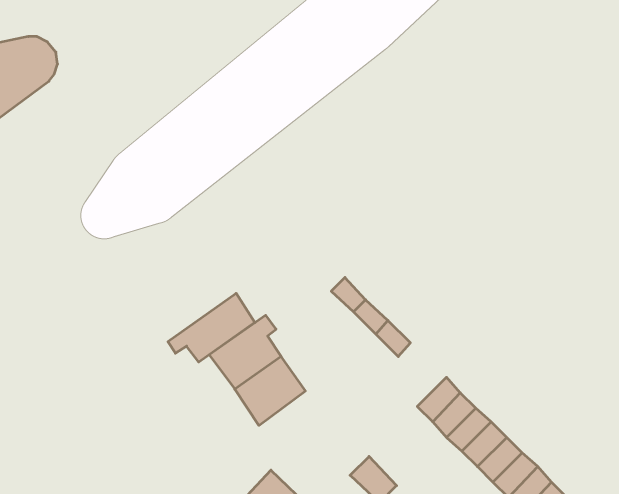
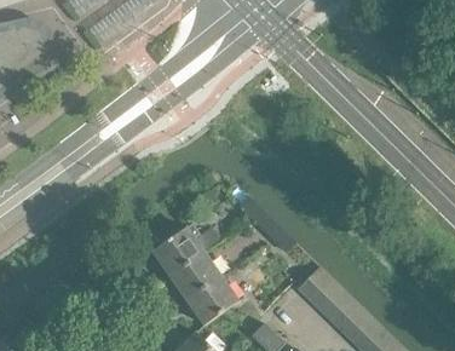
building: [168,293,255,362] -> none
building: none -> [186,277,236,326]

